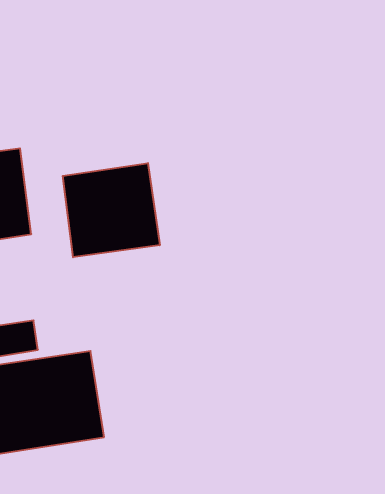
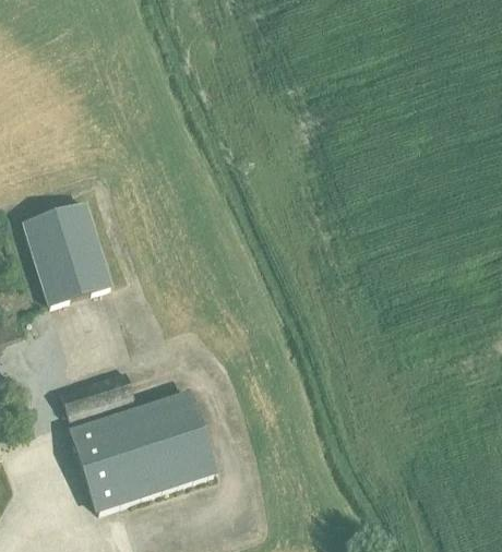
building: [63,163,160,257] -> none

